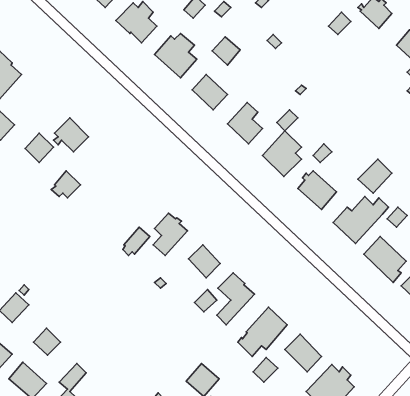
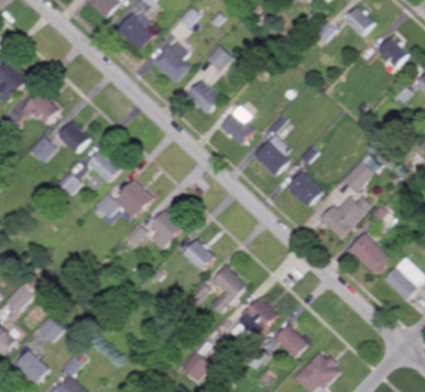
building: none -> [21,89,59,123]
building: none -> [87,149,122,182]
building: none -> [91,178,153,219]

